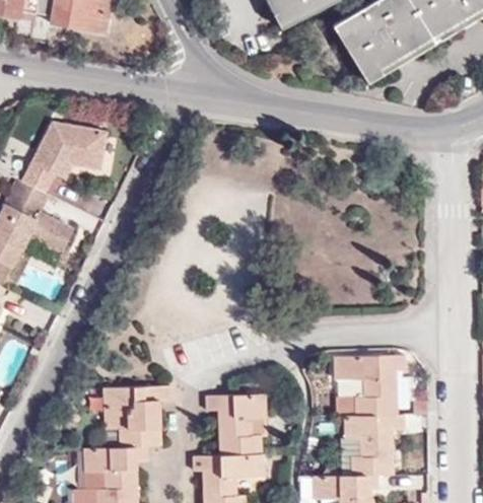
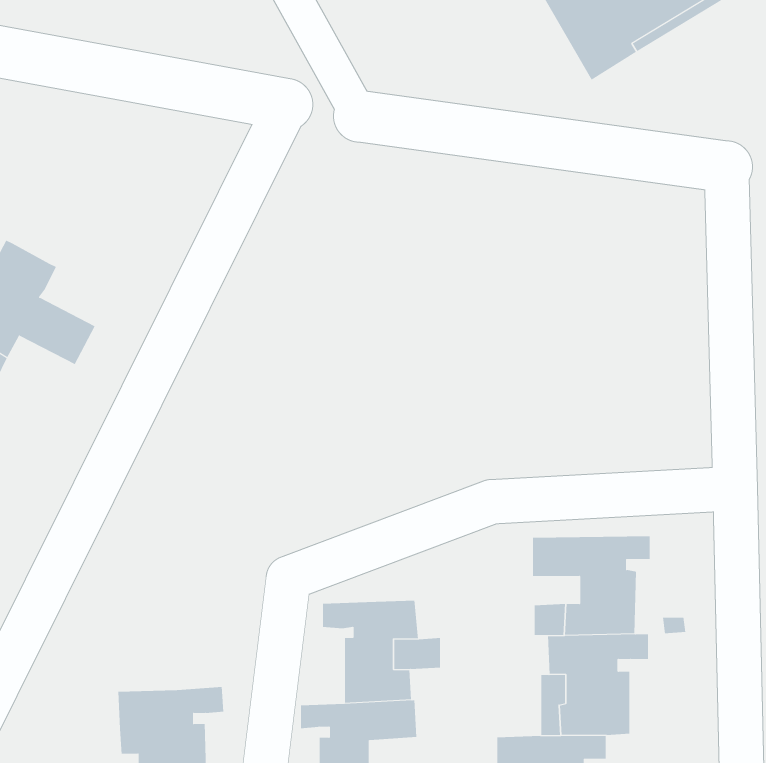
building: [21,121,107,192] -> none
building: [102,385,171,447] -> none

